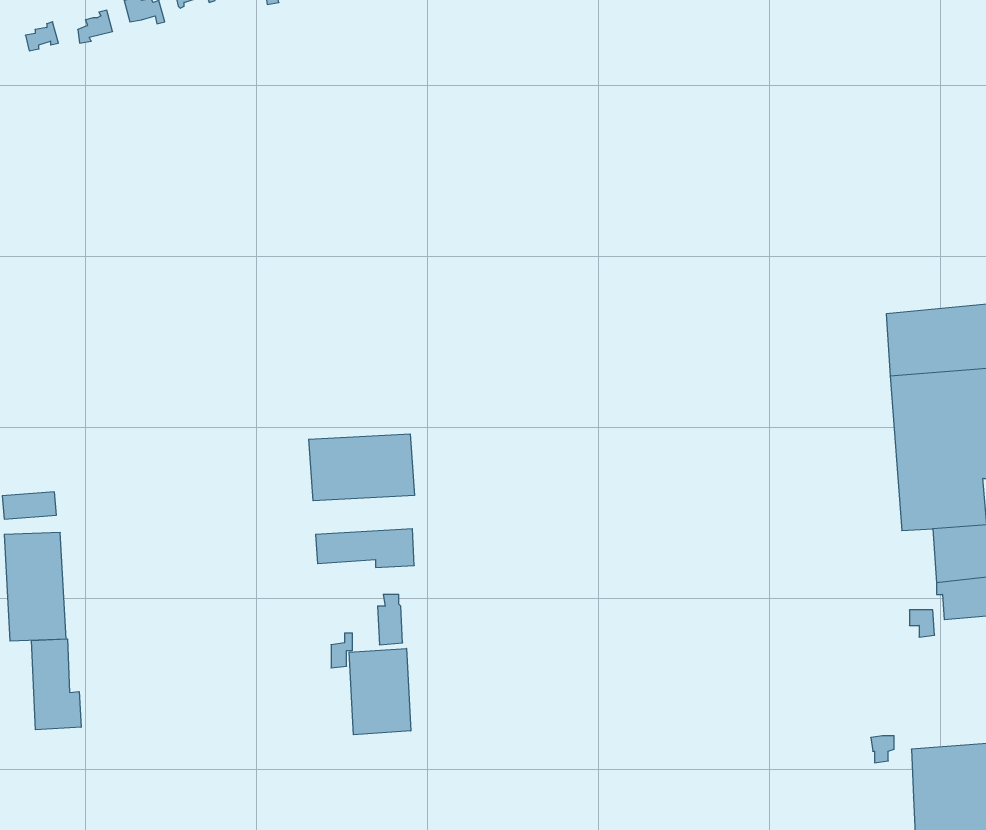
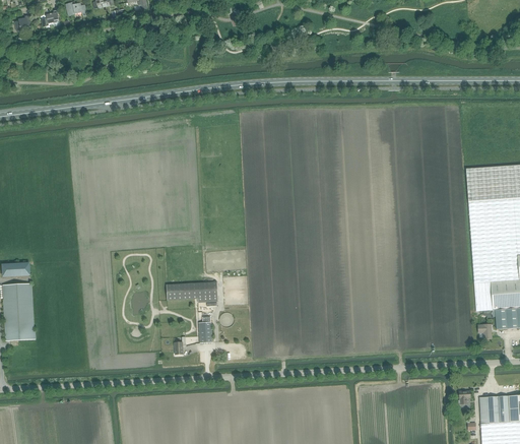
building: [309,434,414,501] -> none
building: none -> [474,281,493,311]
building: [32,639,81,730] -> none
building: [349,648,411,735] -> none

